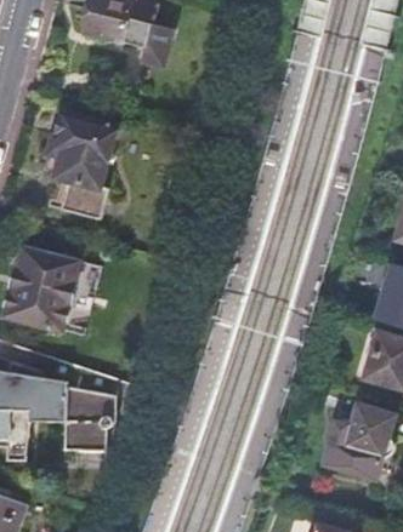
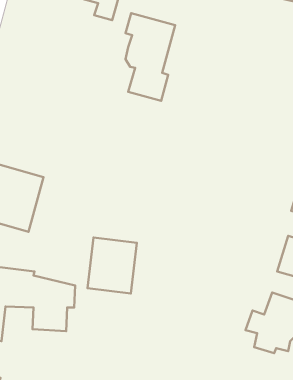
building: [55,113,115,219] -> [125,13,175,101]
building: none -> [88,237,137,294]

